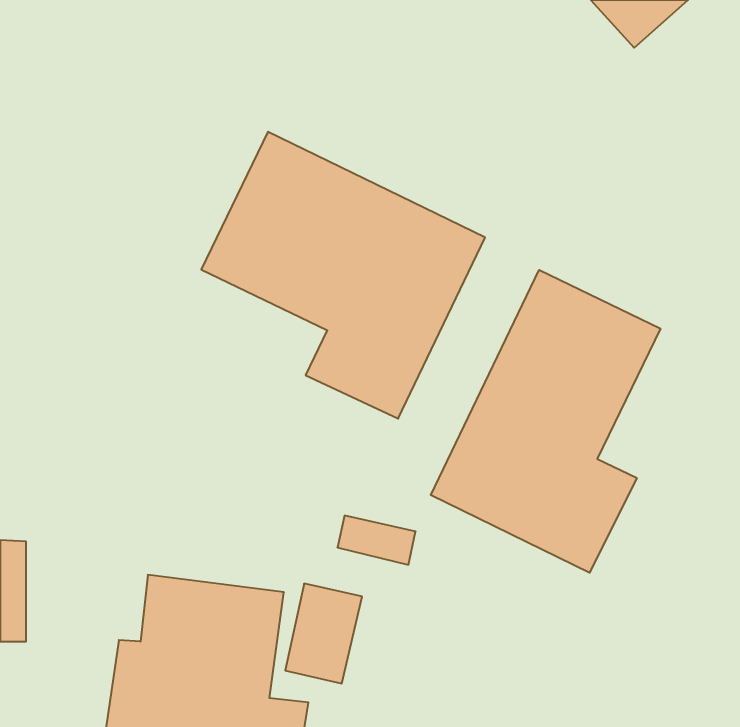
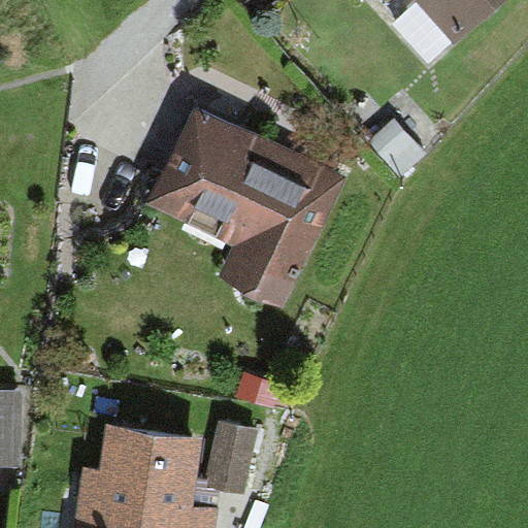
building: [431,270,660,573] -> none

